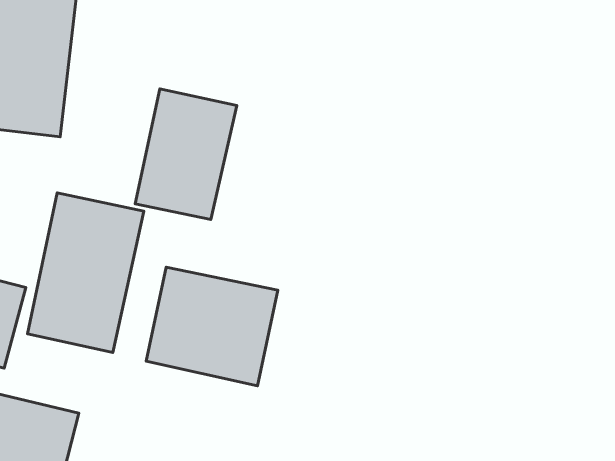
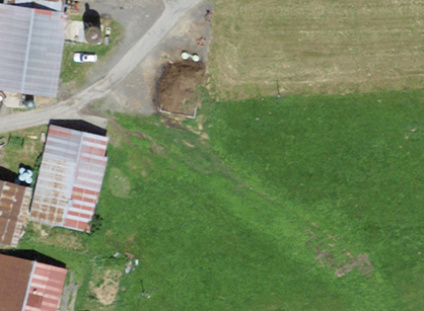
building: [135,89,237,219] -> none
building: [146,267,278,386] -> none

